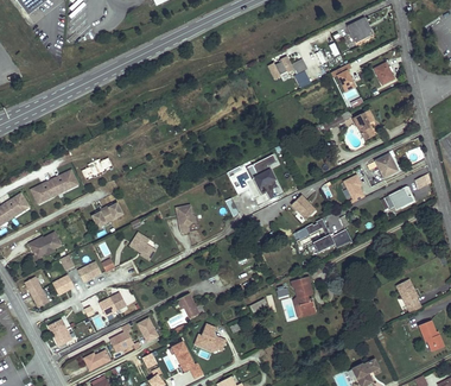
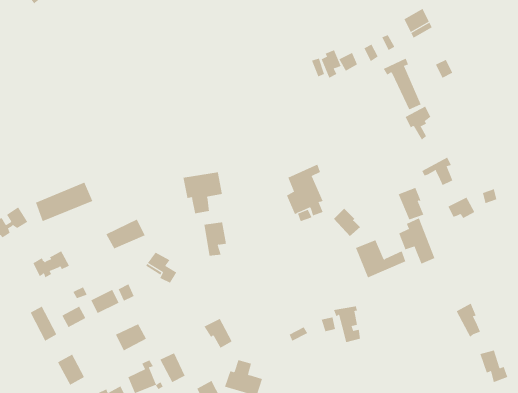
building: none -> [183,171,223,214]
building: none -> [398,218,435,264]

